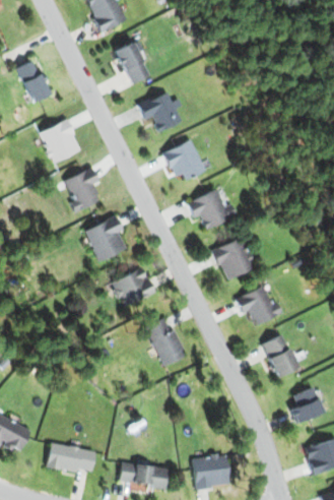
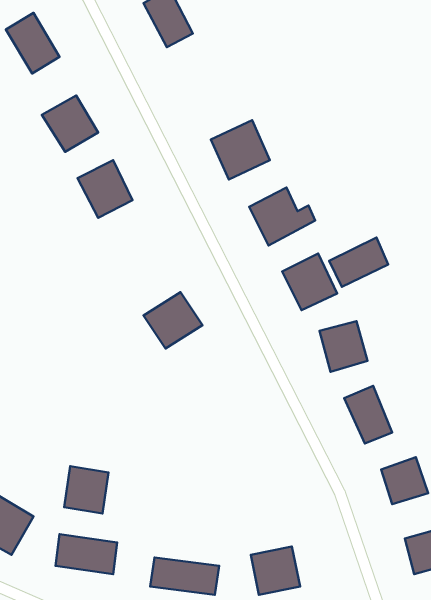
building: [139,92,182,132] -> none
building: [86,217,127,259] -> none
building: none -> [329,238,388,287]
building: [151,316,189,365] -> none
building: none -> [64,466,108,513]

